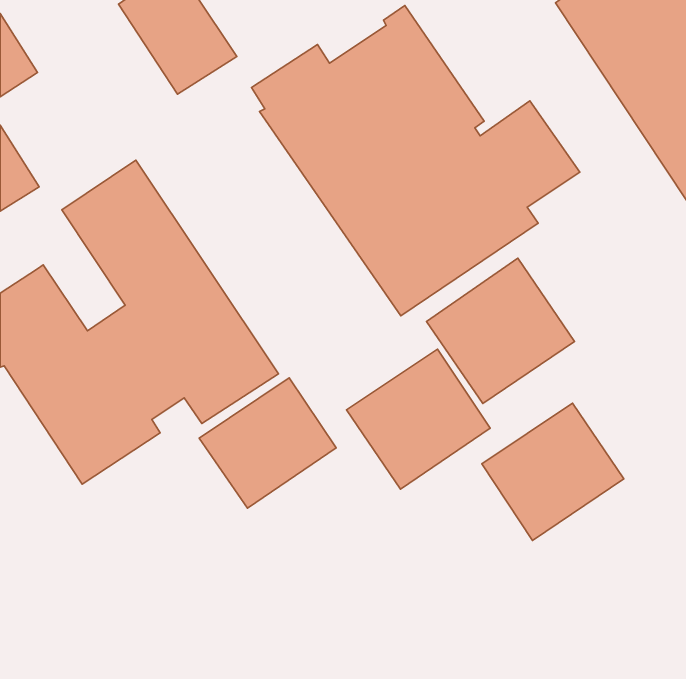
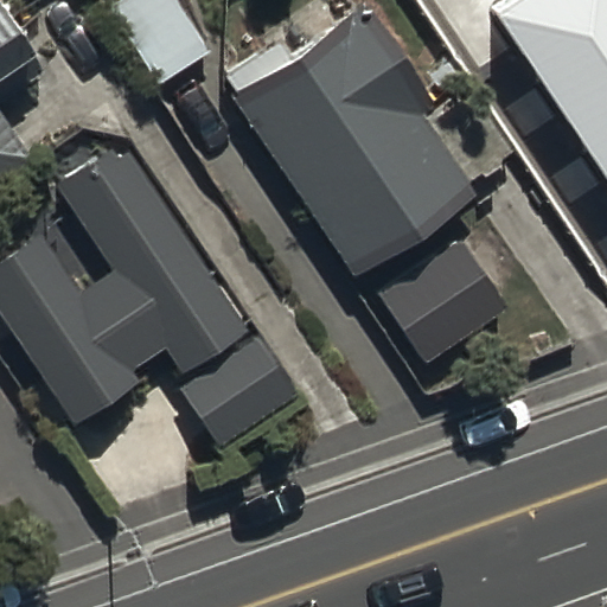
building: [347,349,490,489] -> none
building: [482,403,624,540] -> none

